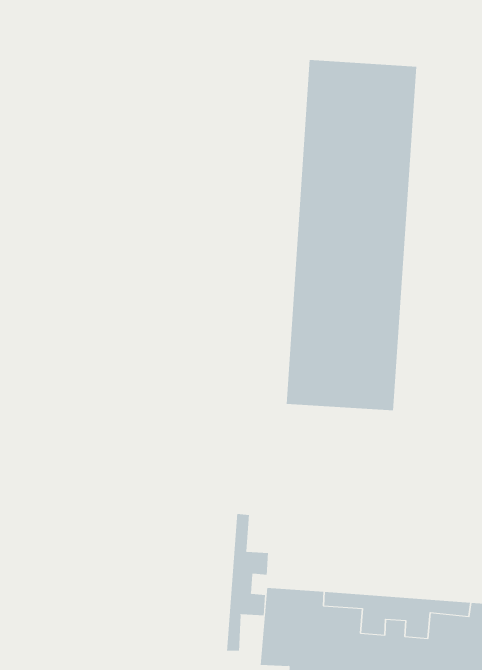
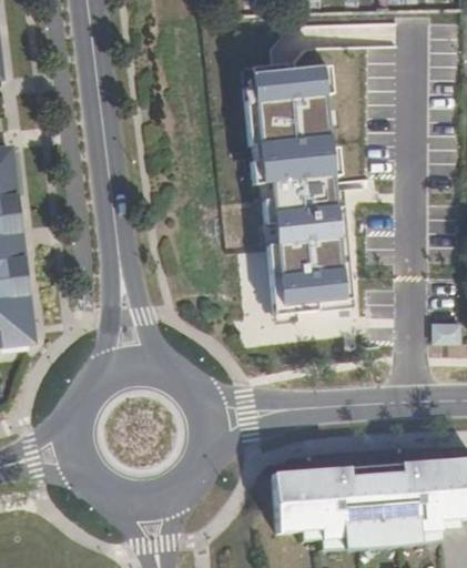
building: [227,513,269,651] -> none

